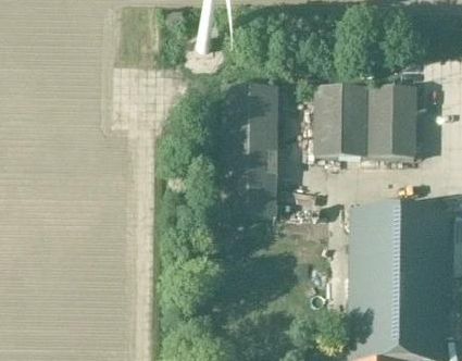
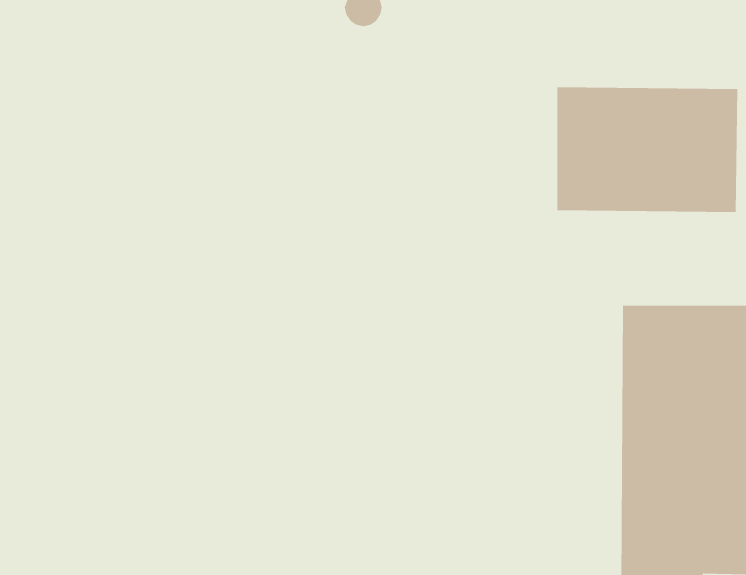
building: [222,84,278,215] -> none

